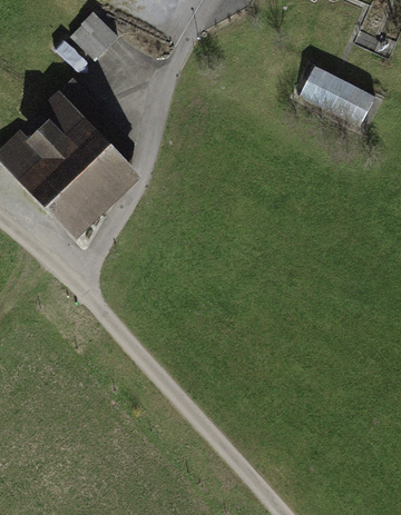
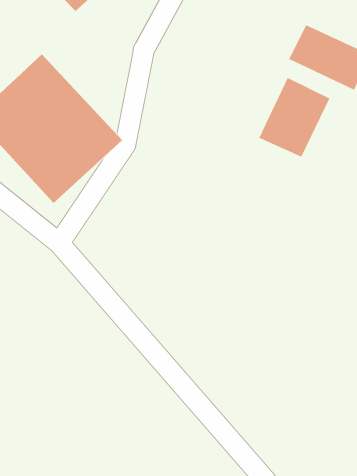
building: none -> [259,77,330,158]

